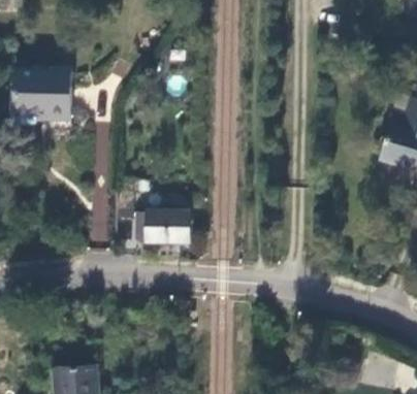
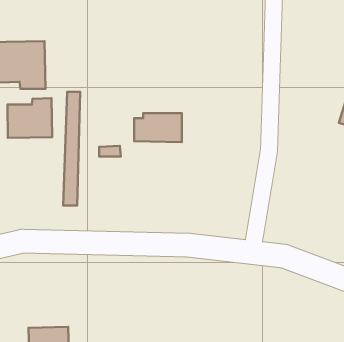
building: none -> [7,98,52,138]
building: [141,210,191,240] -> [134,113,182,142]

